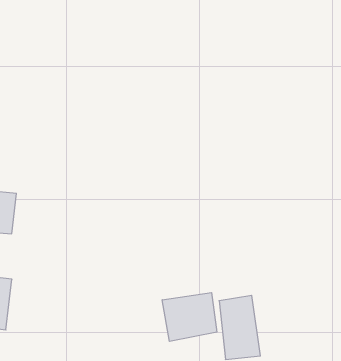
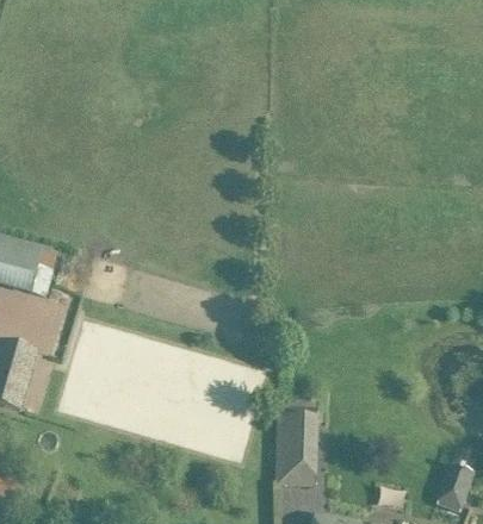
building: [162,293,217,341] -> none

